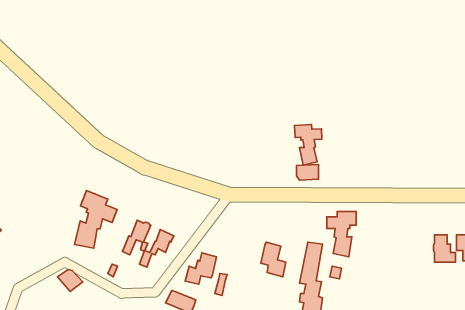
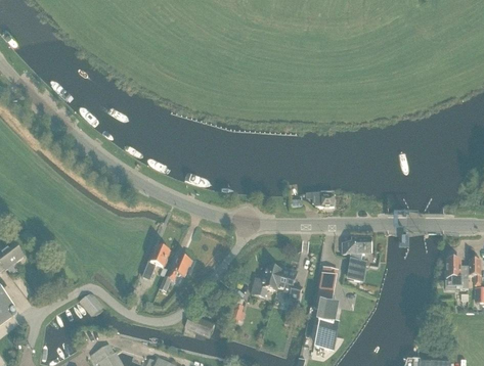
building: [295,125,322,165] -> none
building: [75,191,117,248] -> none
building: [185,253,217,284] -> [251,266,281,296]

